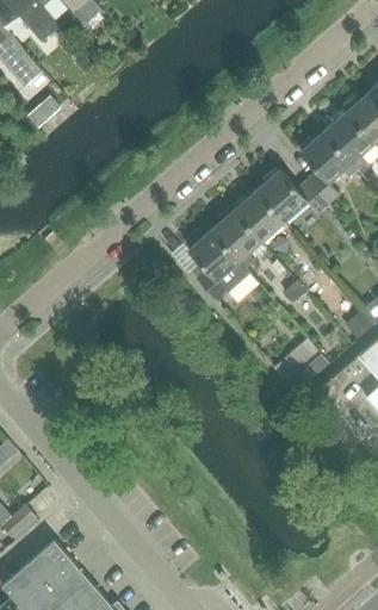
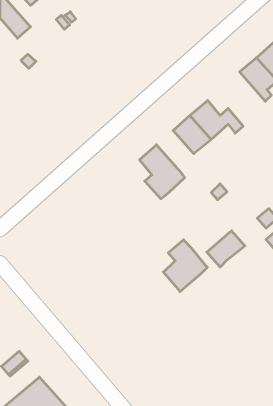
building: [300,131,358,204] -> none
building: [211,210,261,268] -> none
building: none -> [163,240,207,292]

